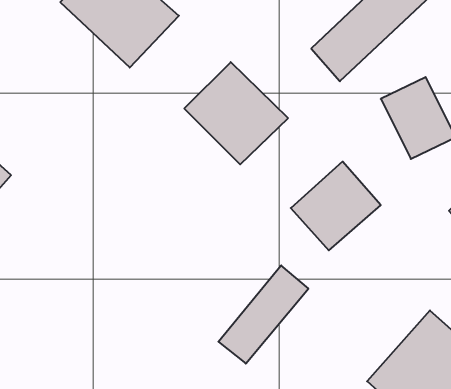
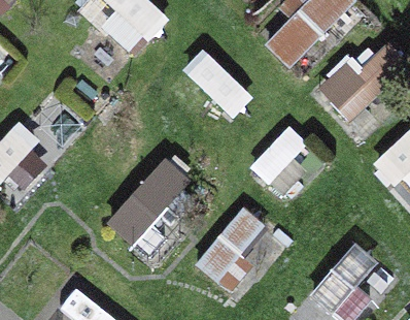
building: none -> [104,159,189,268]

